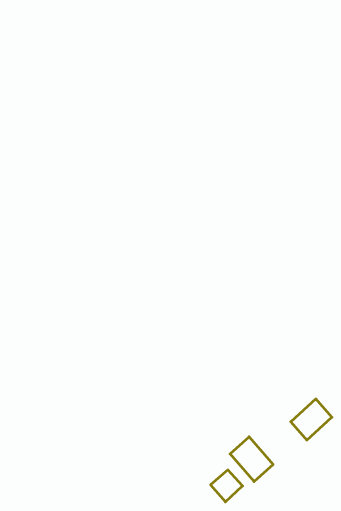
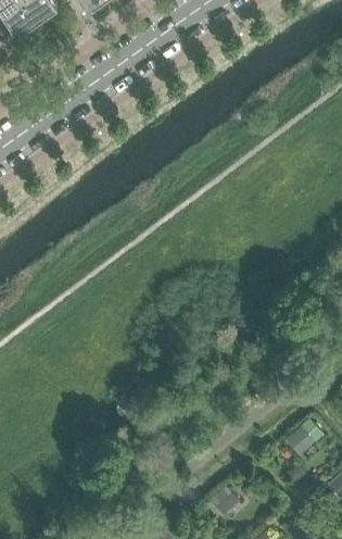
building: [230,437,273,482] -> none

